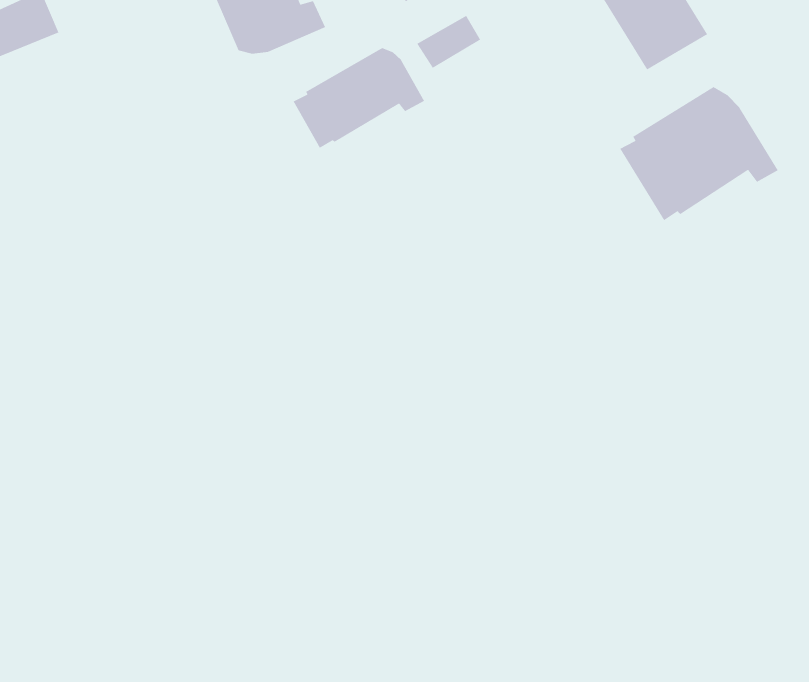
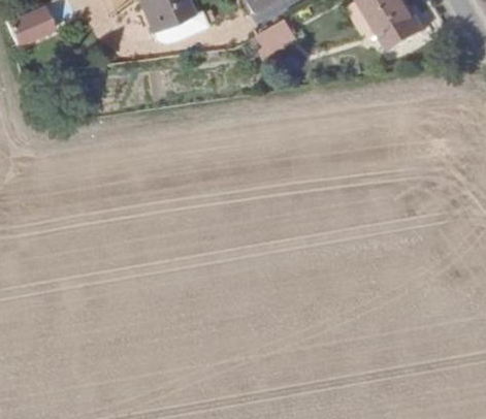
building: [292,47,425,149] -> none
building: [619,86,779,221] -> none

